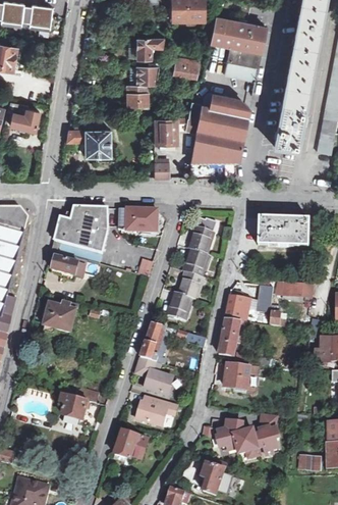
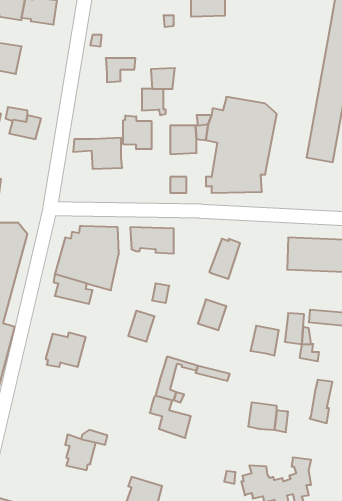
building: [212,15,265,79] -> none
building: [136,36,163,57] -> [106,58,135,82]
building: [173,57,198,77] -> none
building: none -> [123,115,151,149]
building: [183,248,208,276] -> none
building: [168,292,191,319] -> [128,311,155,342]
building: [218,317,238,356] -> [310,380,332,423]
building: [136,395,176,425] -> none

